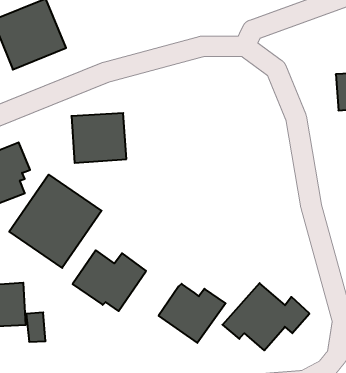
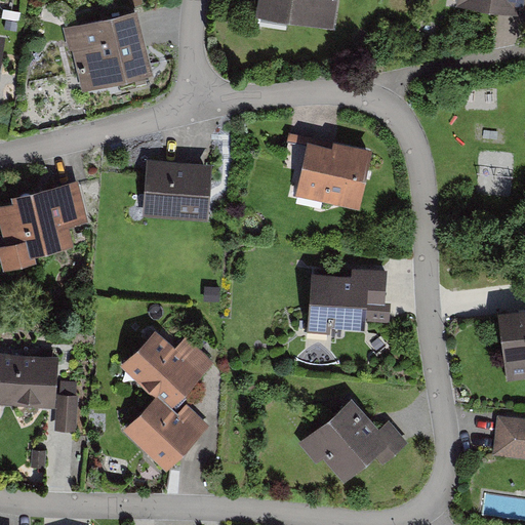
building: none -> [295,139,372,209]
building: [9,175,102,268] -> none
building: none -> [307,268,387,335]
building: [159,284,226,343] -> [123,395,208,471]

